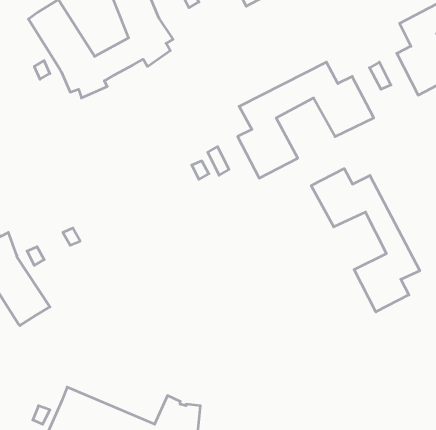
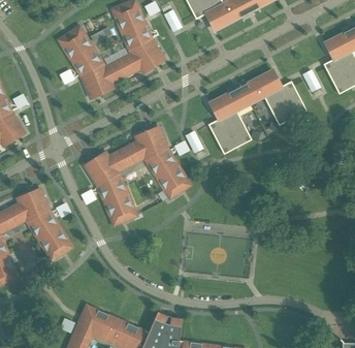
building: none -> [87,128,192,225]
building: [311,169,420,312] -> none

